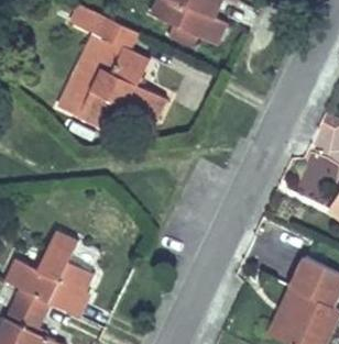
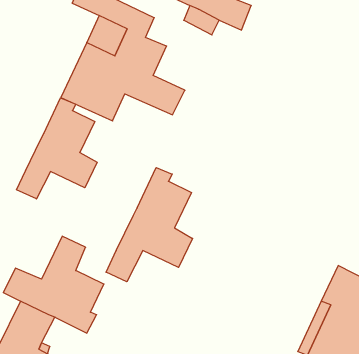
building: none -> [17,98,97,199]
building: none -> [106,168,193,282]

